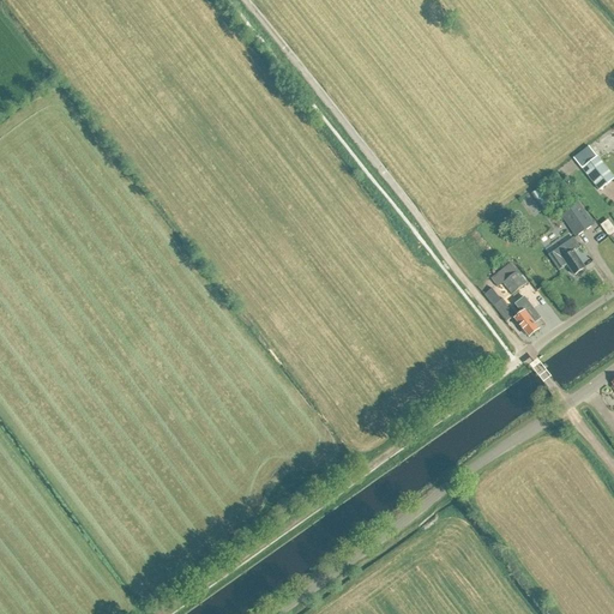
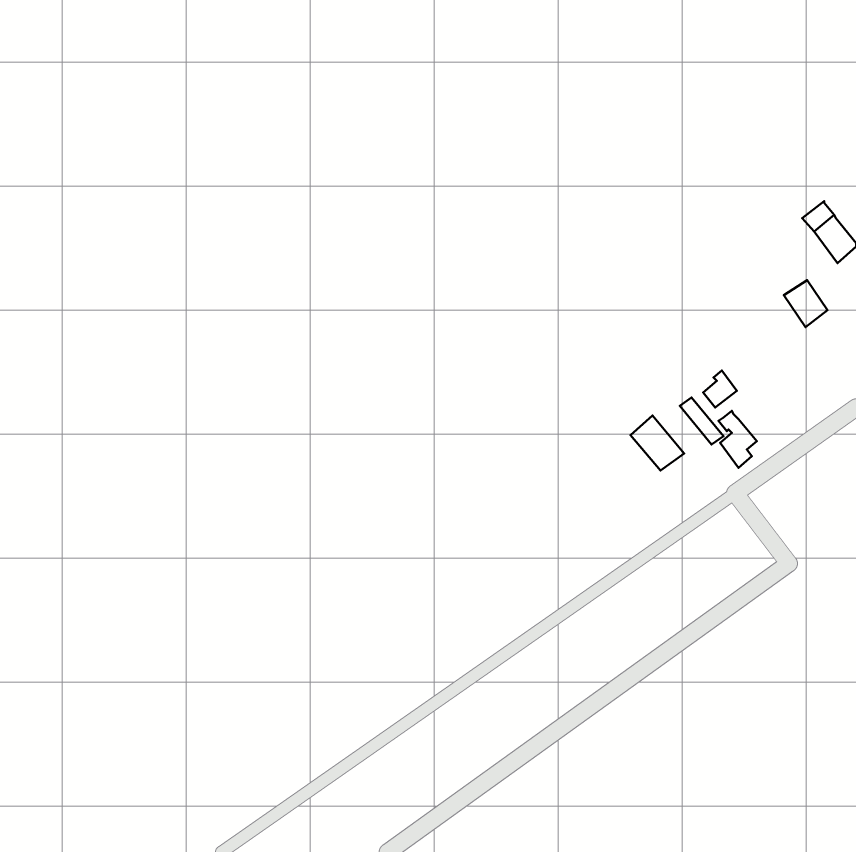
building: [546,235,584,272] -> none
building: none -> [630,415,684,471]

